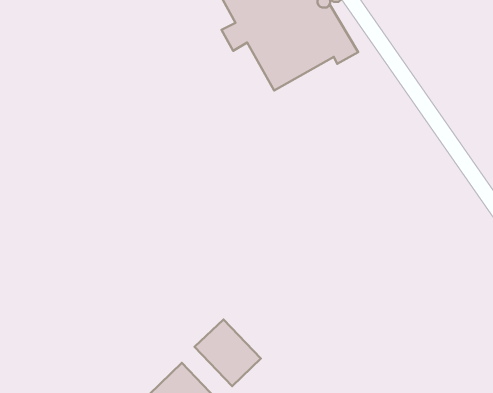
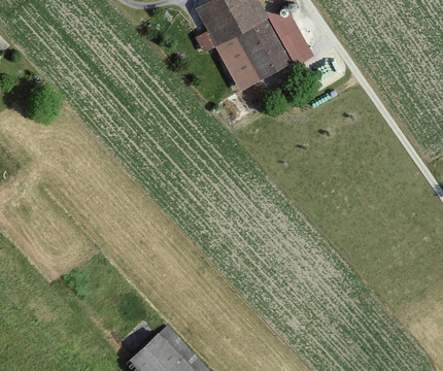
building: [195,319,261,386] -> none

